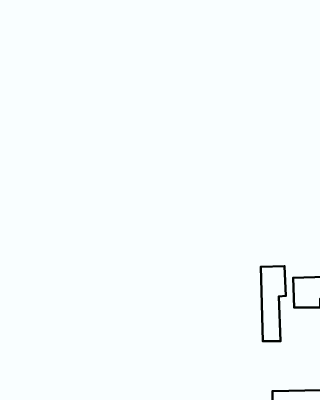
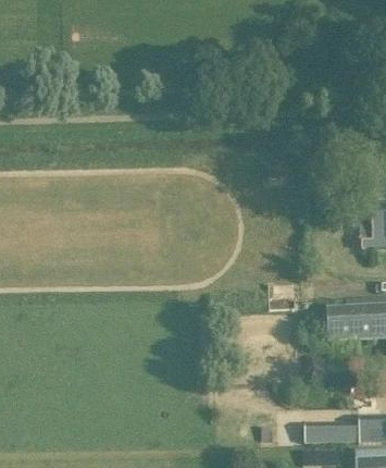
building: [261,266,286,341] -> none

